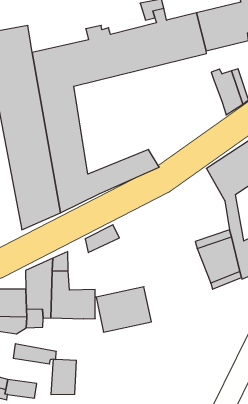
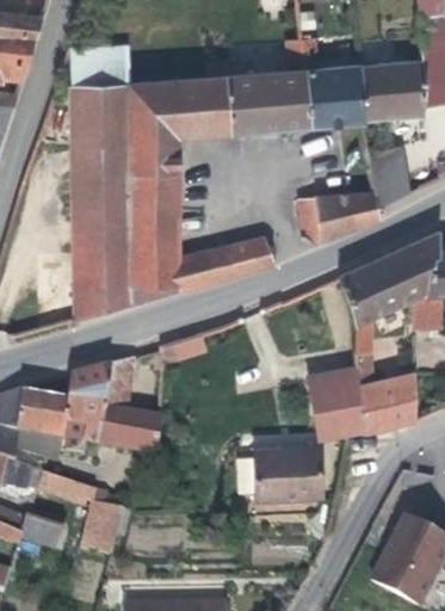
building: none -> [298,190,379,246]
building: [96,287,151,332] -> [253,448,322,500]

